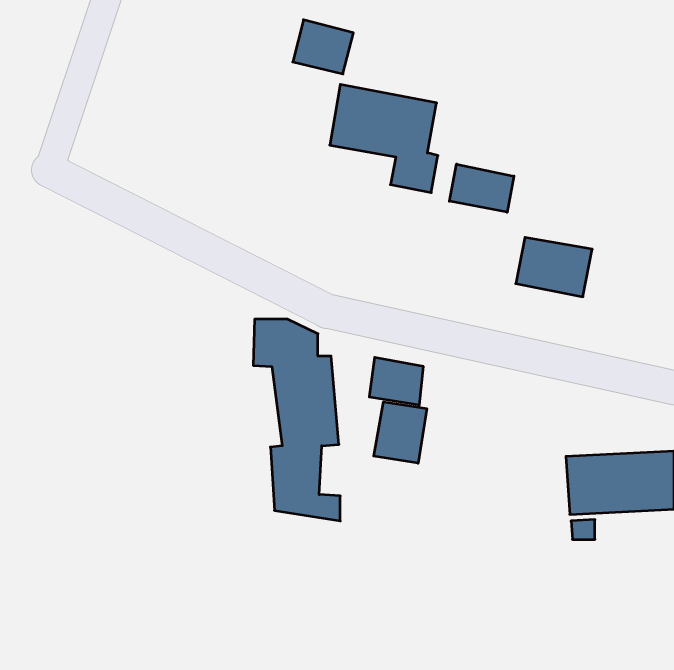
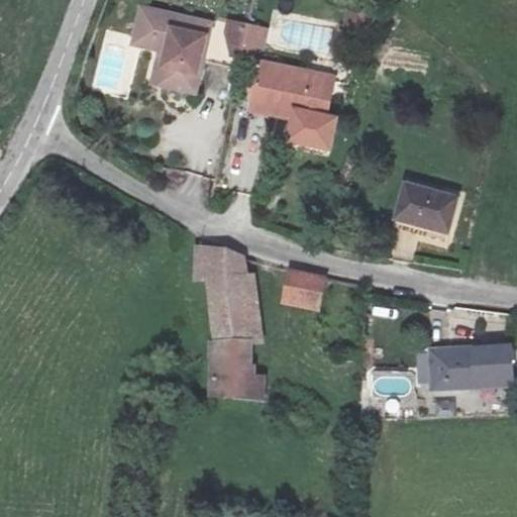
building: none -> [132,6,207,89]
building: [449,164,514,212] -> none
building: [374,402,427,463] -> none

